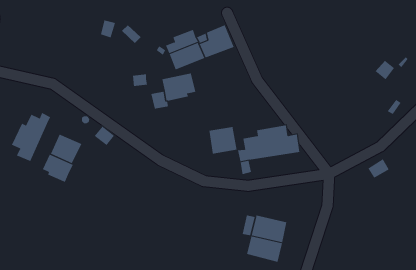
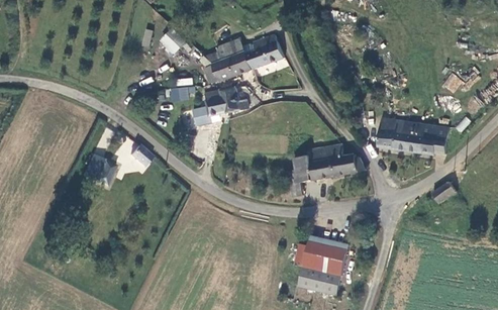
building: none -> [378,115,451,154]
building: [11,112,51,162] -> none
building: [209,126,237,154] -> none
building: [42,154,73,183] -> none

